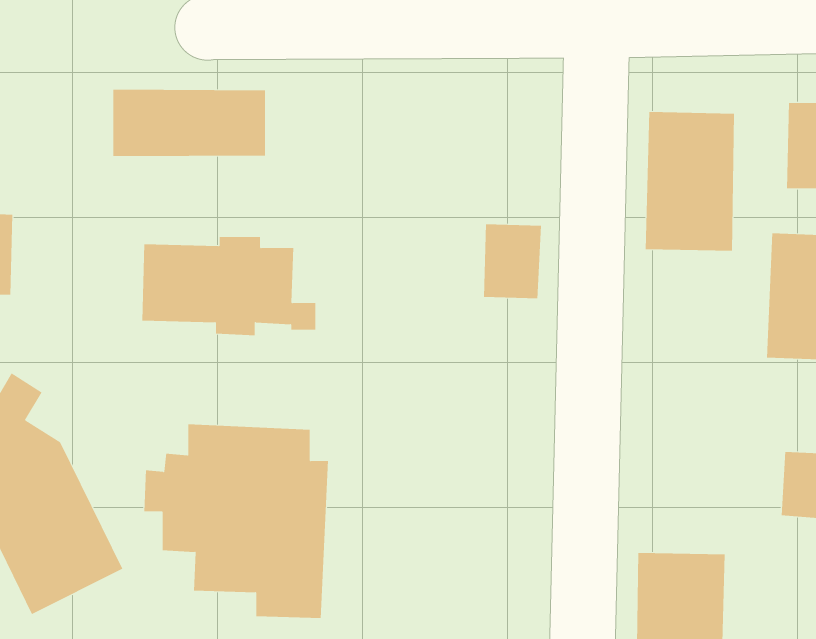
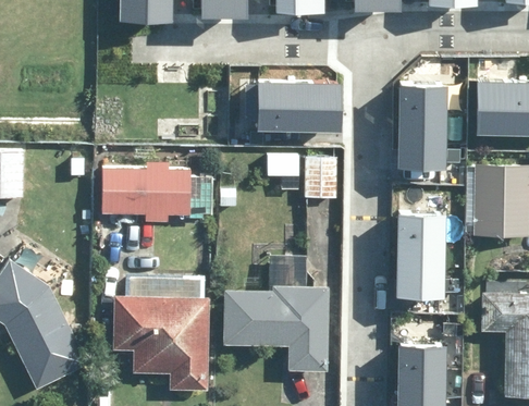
building: [113,89,265,157] -> none
building: none -> [255,81,340,135]
building: none -> [396,221,448,304]
building: none -> [222,285,329,372]

